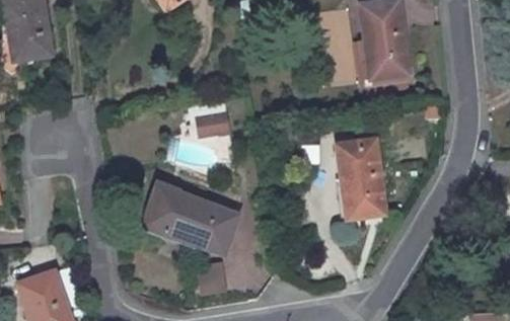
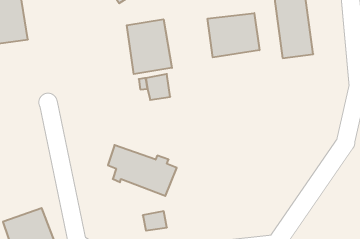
building: none -> [208,13,259,57]
building: none -> [127,19,172,74]
building: [337,142,383,220] -> none

